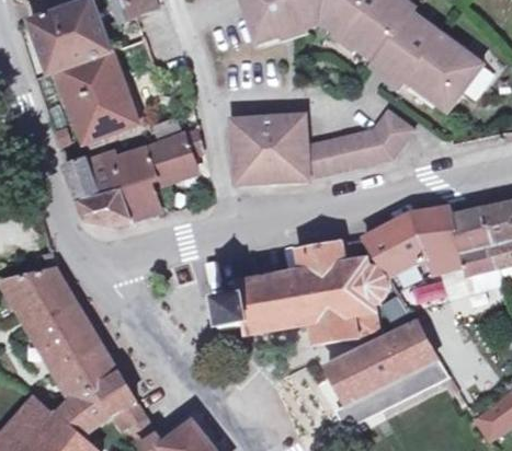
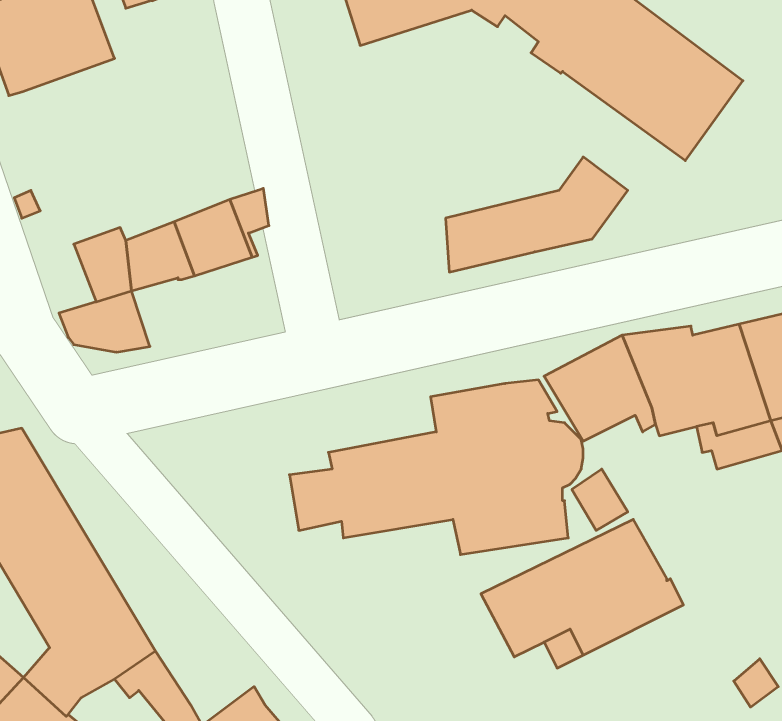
building: [56,50,137,141] -> none
building: [231,114,308,182] -> none
building: [64,157,100,200] -> none
building: [121,180,161,220] -> none

